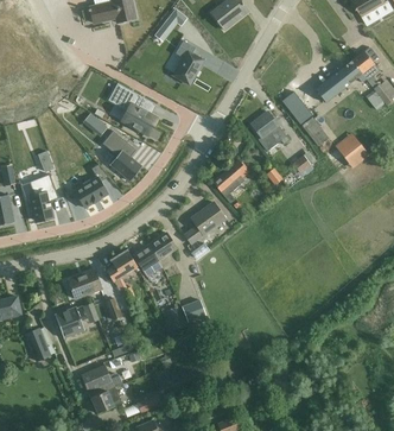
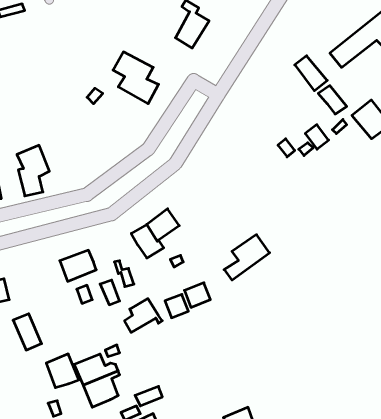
building: [249,112,288,151] -> none
building: [102,131,141,180] -> none
building: [211,159,246,202] -> none
building: [74,164,107,207] -> none
building: [183,202,224,243] -> [224,235,270,280]
building: [104,249,139,280] -> [125,299,162,332]
building: [53,306,83,337] -> [46,354,79,388]

